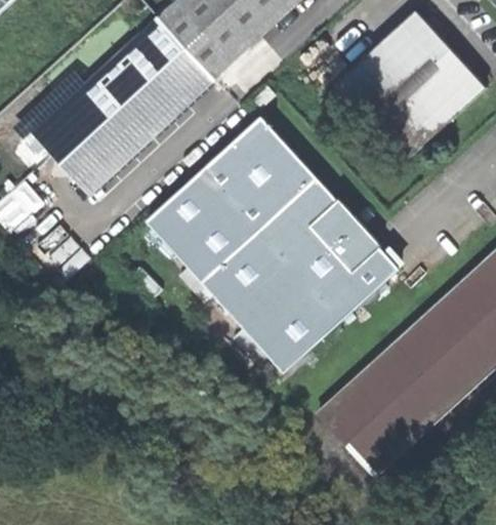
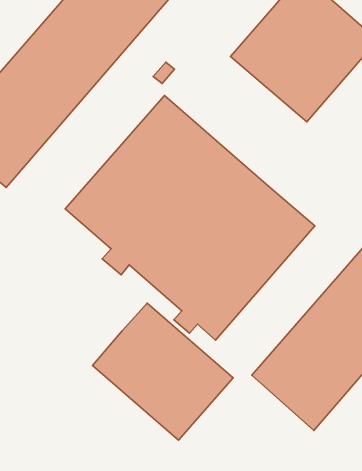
building: none -> [93,303,233,440]

